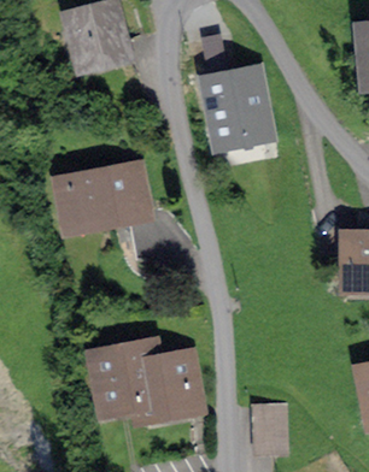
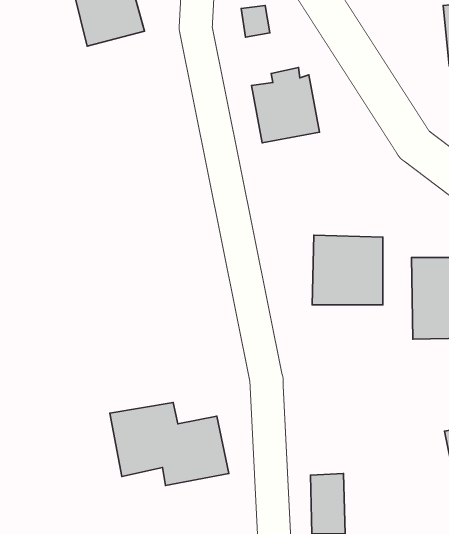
building: [59,167,145,222] -> none
building: none -> [312,235,383,305]

